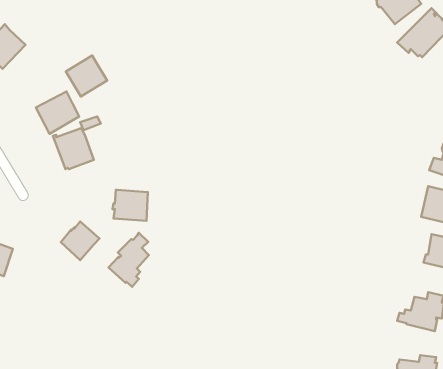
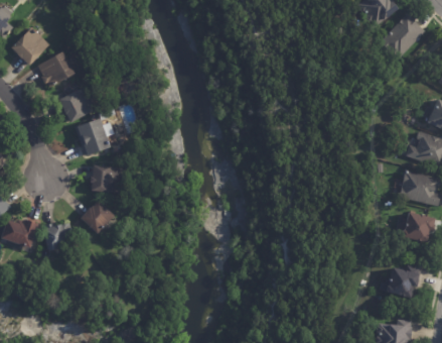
building: [66,56,107,97] -> [38,51,75,88]
building: [112,190,148,221] -> [90,165,121,193]
building: [108,233,149,287] -> none
building: none -> [43,223,70,252]

